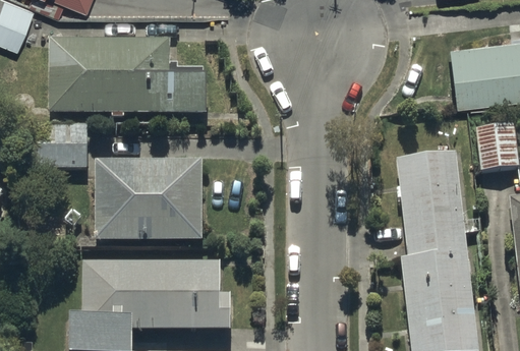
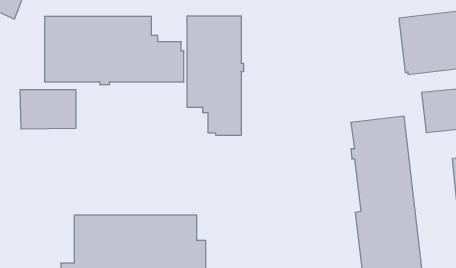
building: none -> [187,16,243,135]
building: [96,159,204,240] -> none

